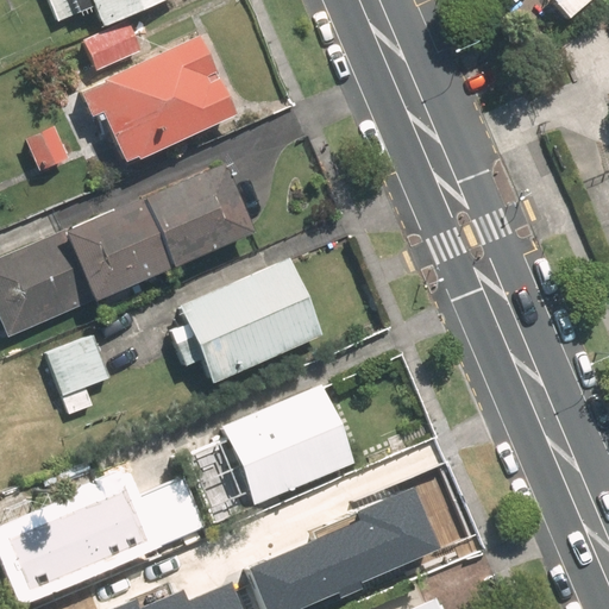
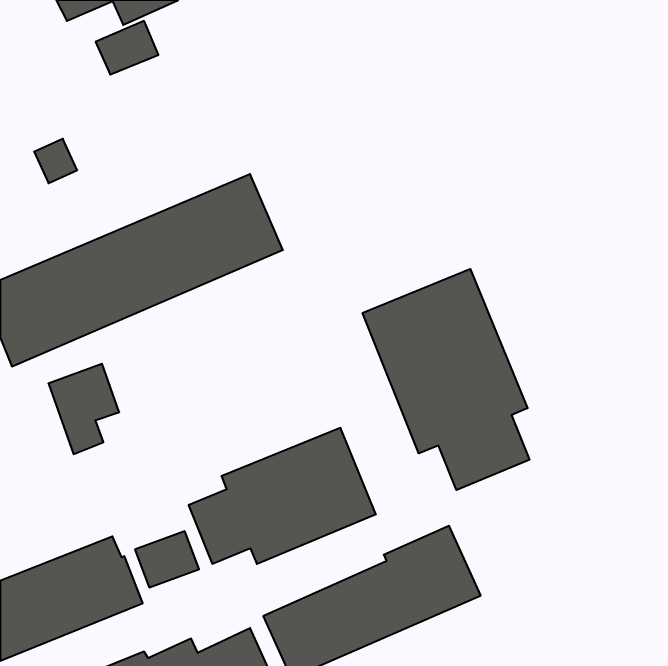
building: [89,38,243,161] -> none
building: none -> [363,269,529,490]
building: [157,269,309,391] -> none

